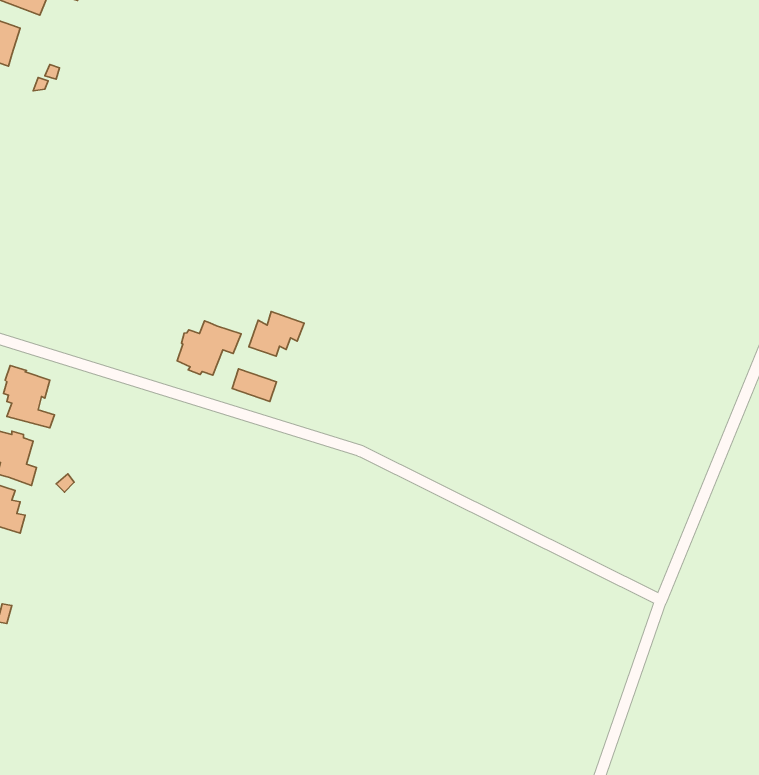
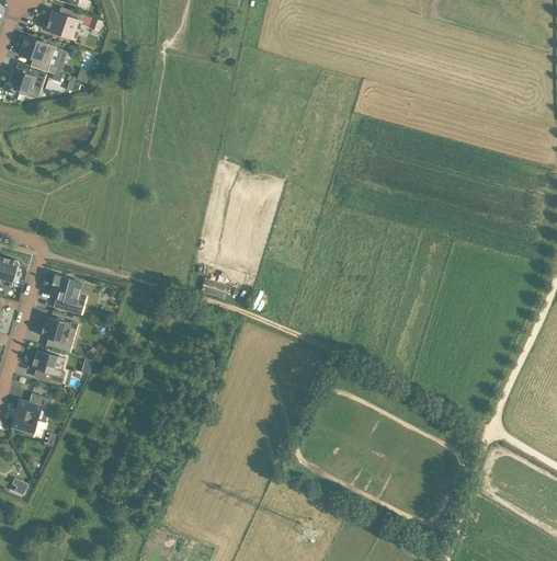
building: [249,312,304,356] -> none
building: [177,321,241,375] -> none

